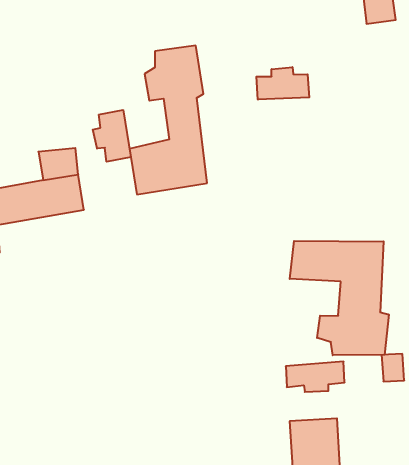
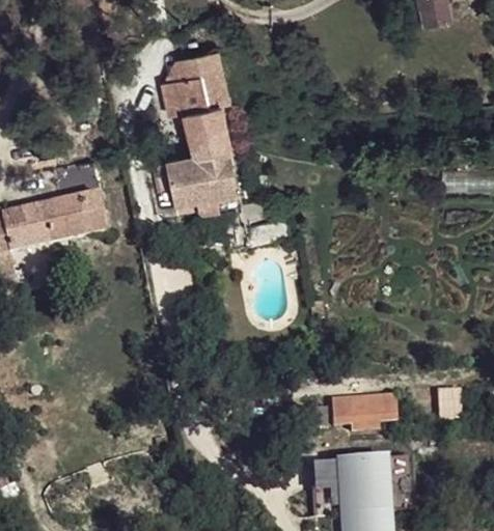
building: [256,67,309,100] -> none
building: [93,110,131,162] -> none
building: [290,241,389,355] -> none

